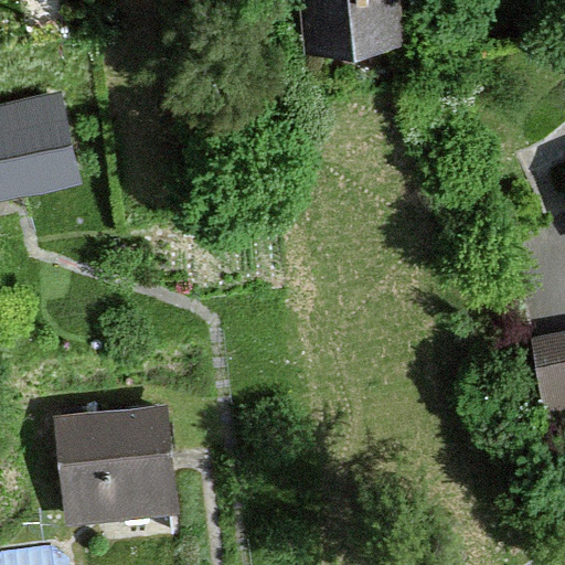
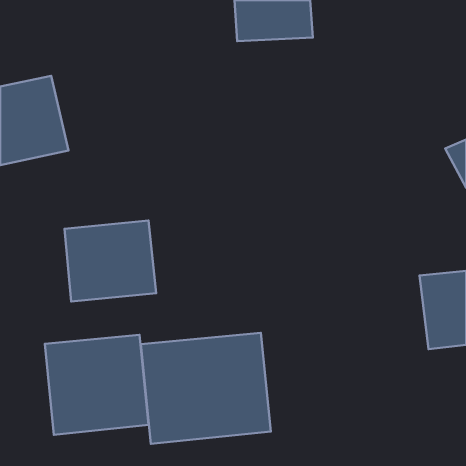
building: none -> [65,220,156,302]
building: none -> [141,333,271,444]

